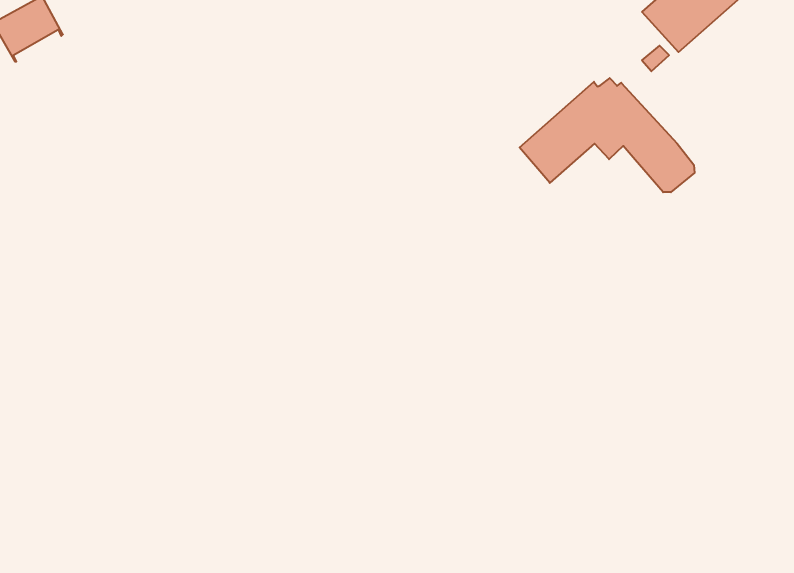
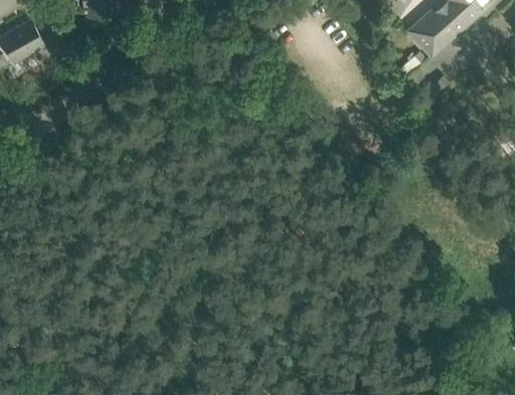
building: [520,78,695,192] -> none

